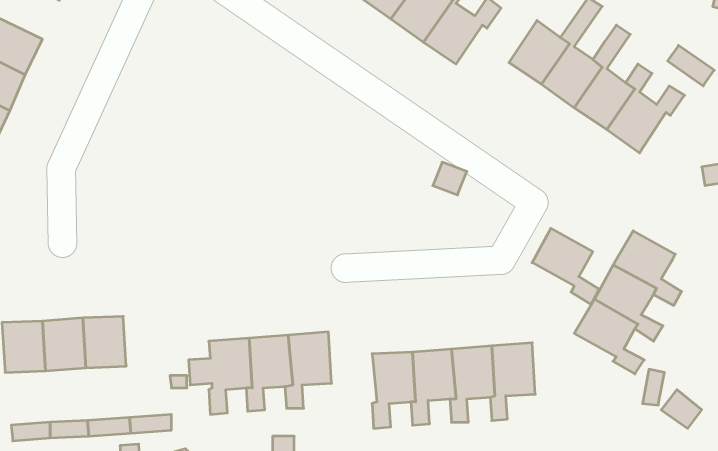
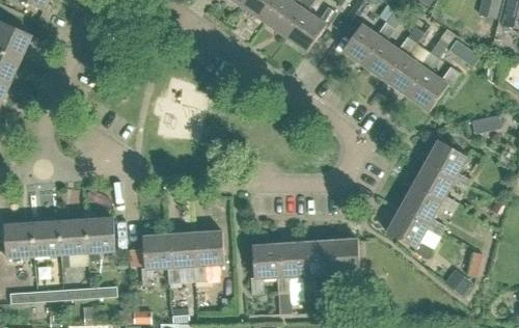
building: [532,228,599,305] -> [426,139,470,190]
building: none -> [85,217,113,259]

